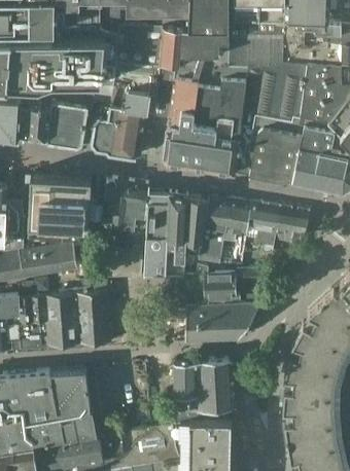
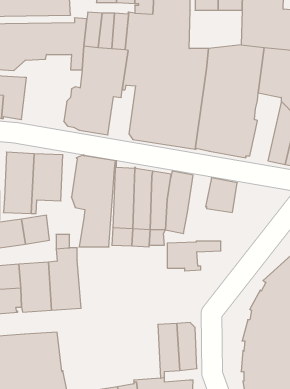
building: [228,25,284,66] -> none
building: [47,87,95,146] -> none
building: [292,113,326,186] -> none
building: [225,202,251,244] -> none
building: [274,210,310,247] -> none
building: [185,305,259,343] -> none
building: [166,362,197,422] -> none

